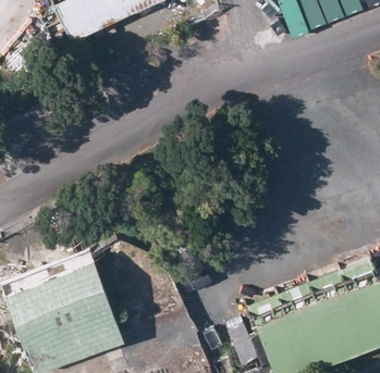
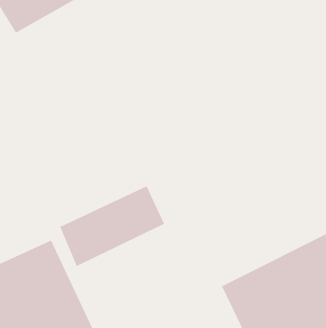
building: none -> [60,186,165,267]

